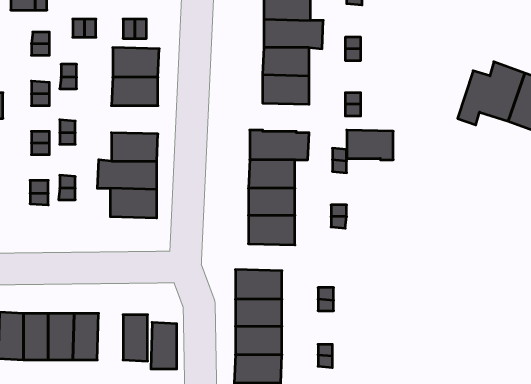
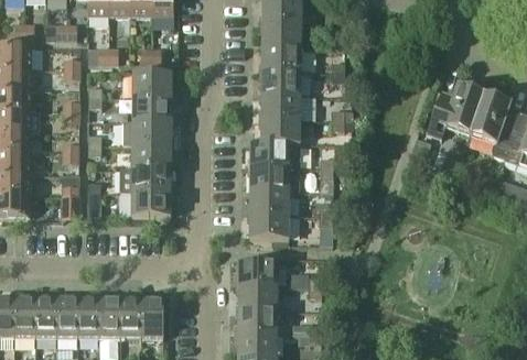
building: none -> [122,121,171,145]
building: [347,130,393,160] -> [260,119,300,144]
building: [151,322,177,369] -> [119,298,141,338]

